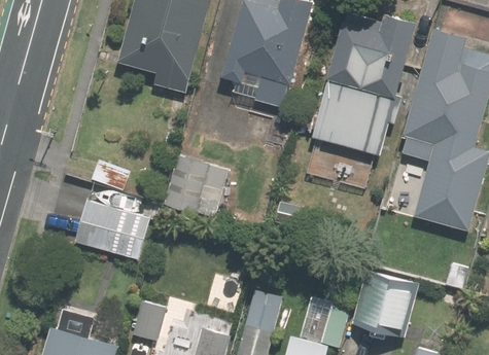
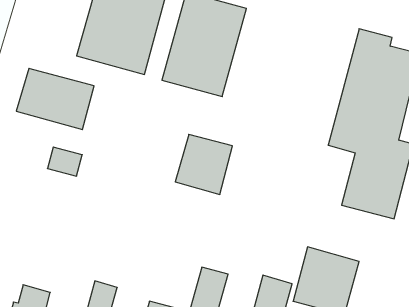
building: [300,13,404,162] -> none
building: [166,156,226,220] -> [175,134,232,194]
building: [75,193,158,258] -> [16,68,94,130]

